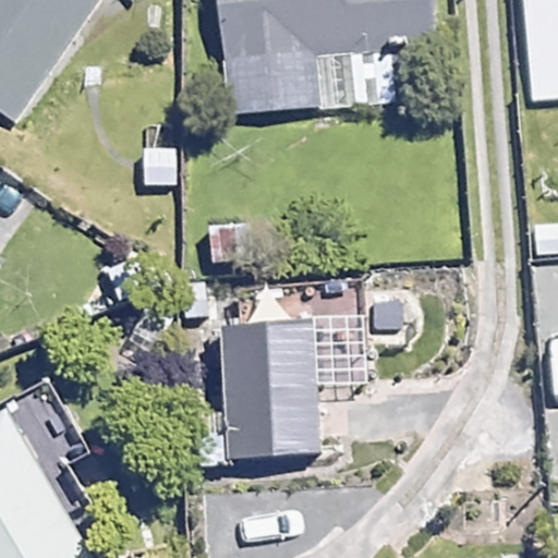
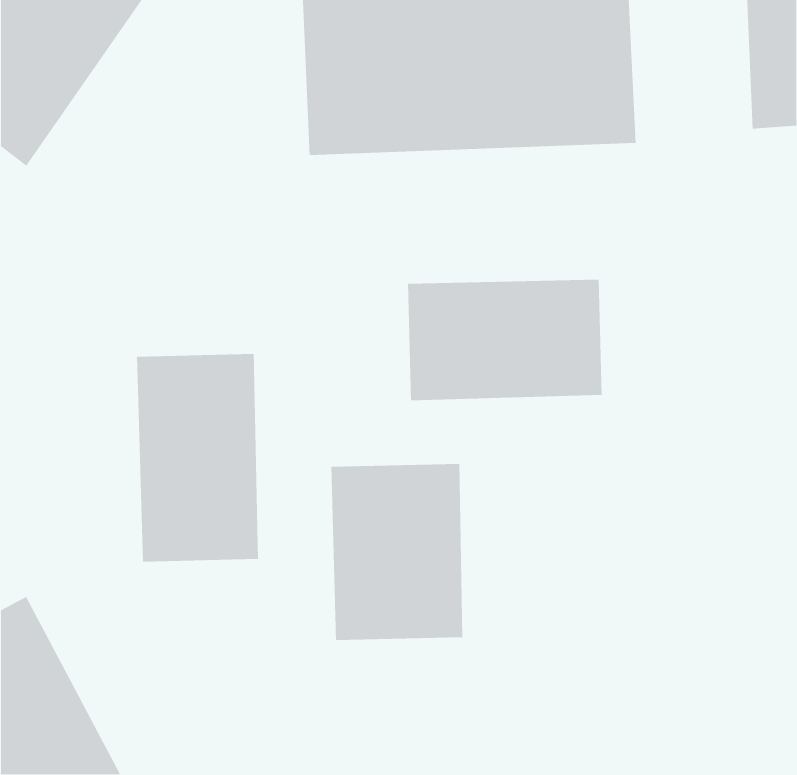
building: none -> [407,279,602,401]
building: none -> [136,353,259,562]

